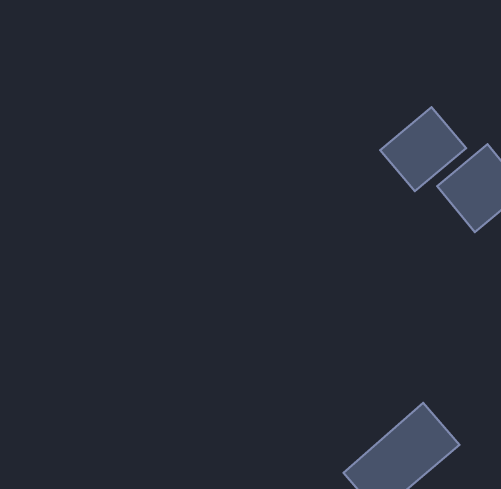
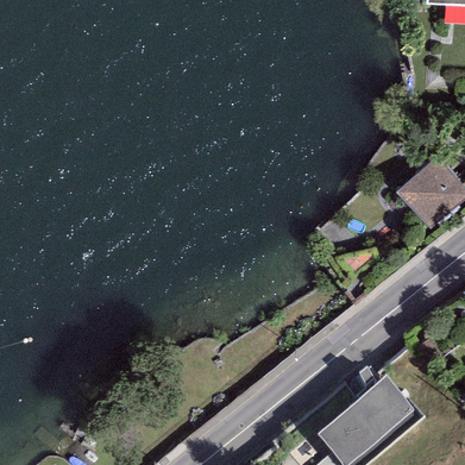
building: [380,107,466,191] -> none

